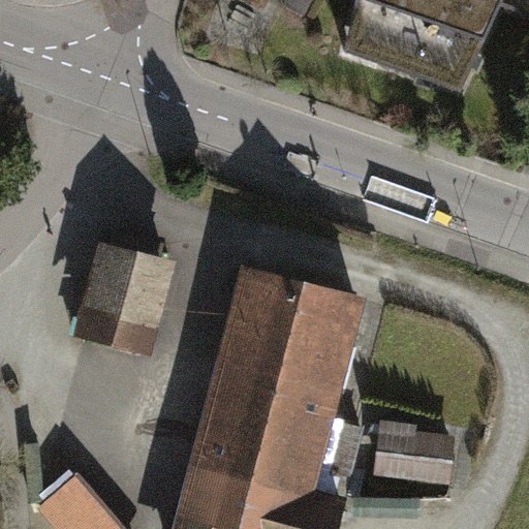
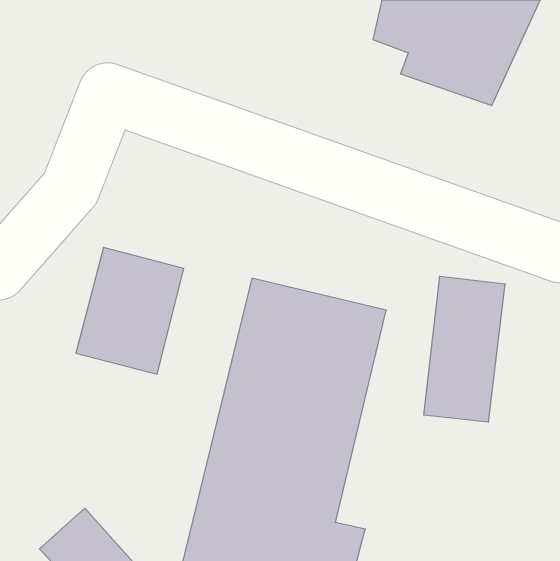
building: none -> [424,276,505,422]
building: [379,424,465,488] -> none

